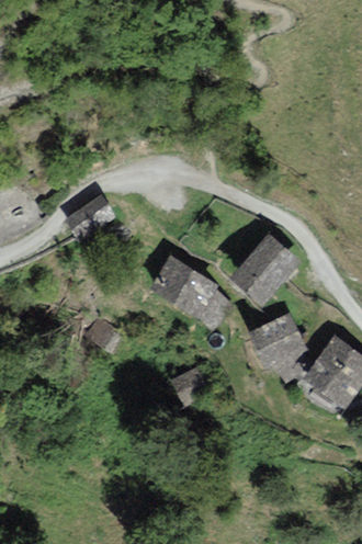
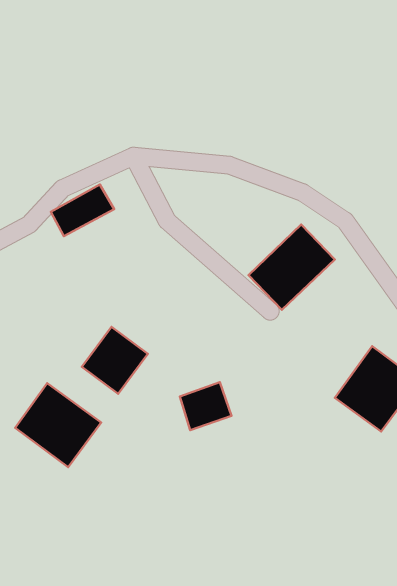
building: [149,254,219,319] -> none
building: [248,313,309,369] -> none
building: none -> [15,383,101,467]

